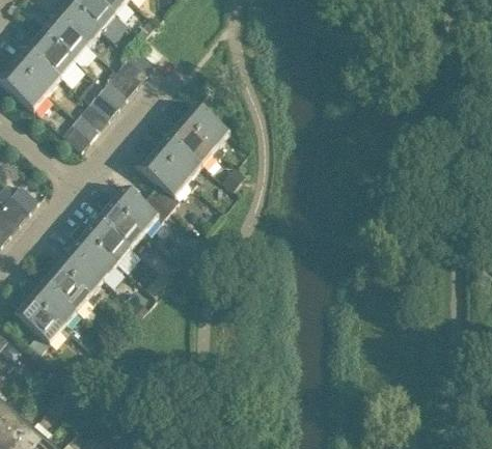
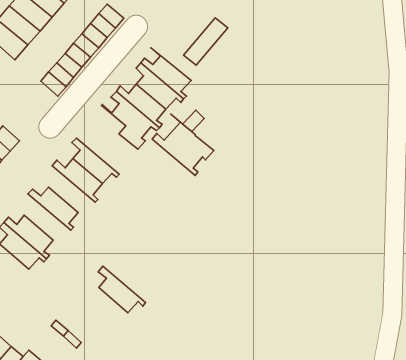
building: none -> [183,18,228,65]
building: [101,169,169,237] -> [152,114,214,175]
building: [69,228,121,280] -> none
building: [42,259,94,311] -> [98,266,146,313]

